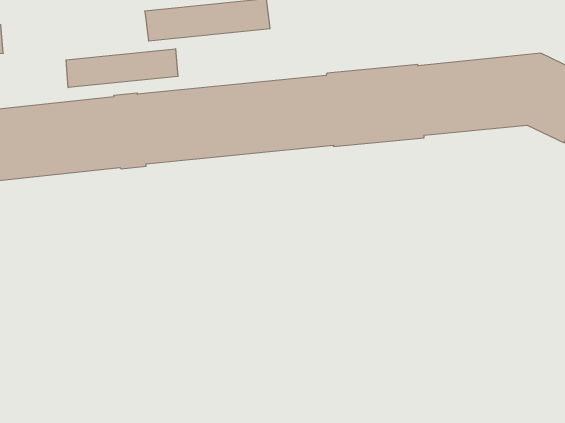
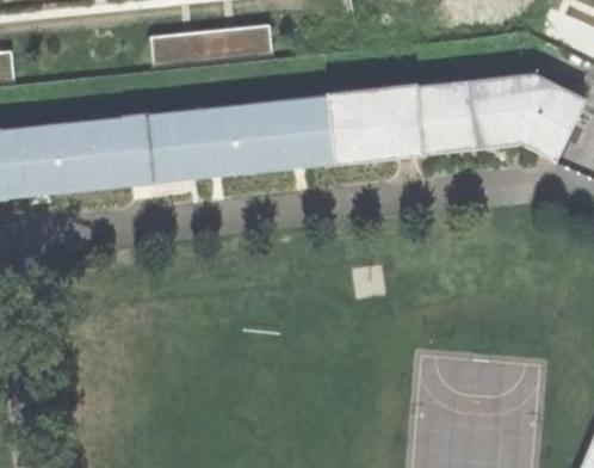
building: [66,49,178,88] -> none

